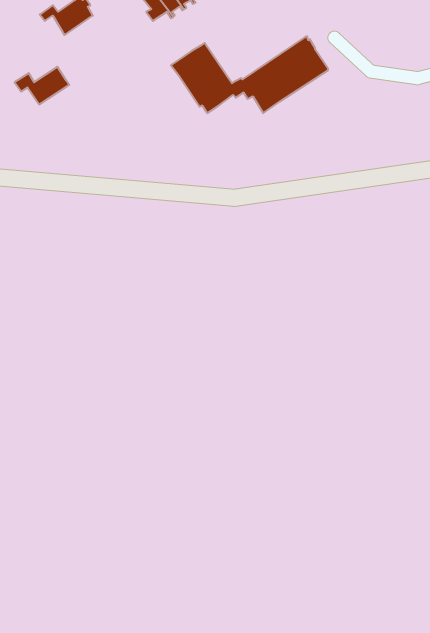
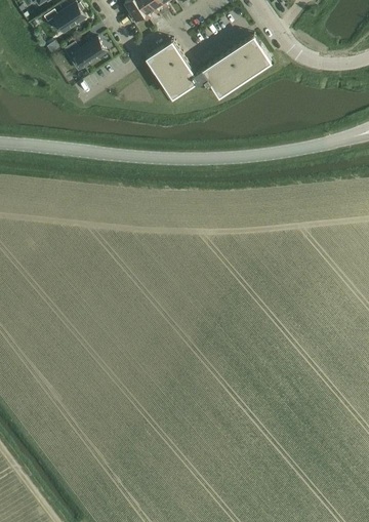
building: [15,67,69,104] -> [63,39,106,69]

